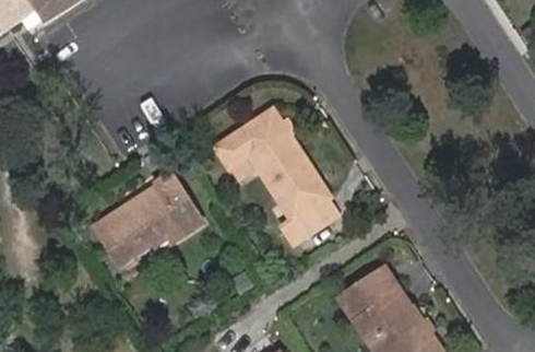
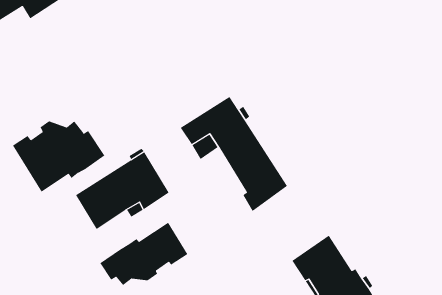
building: none -> [12,120,105,192]
building: none -> [100,222,188,286]

